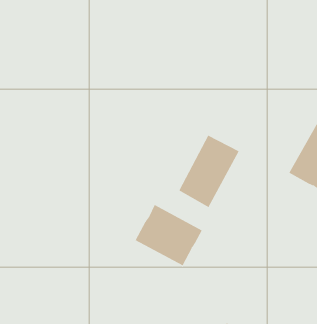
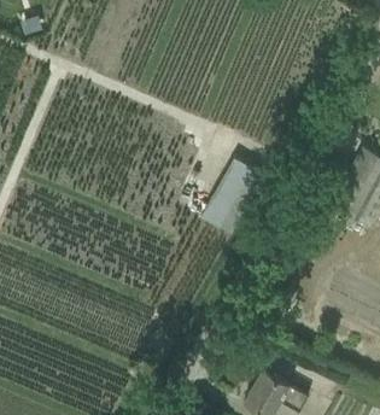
building: [135,204,202,266] -> none

